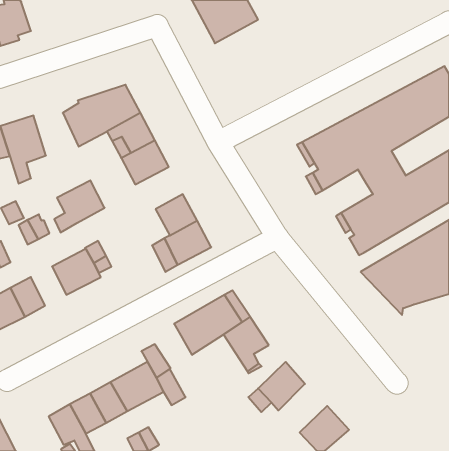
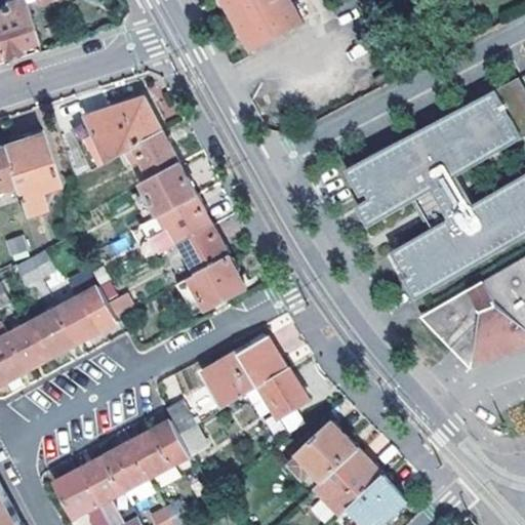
building: [54,180,105,232] -> [154,194,212,254]
building: none -> [36,310,77,355]
building: none -> [314,446,379,512]

